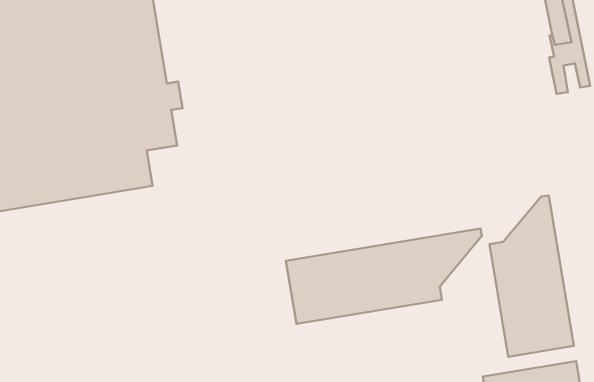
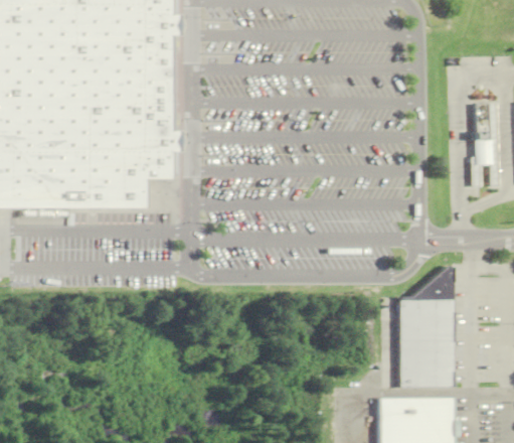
building: [286,229,482,324] -> none

